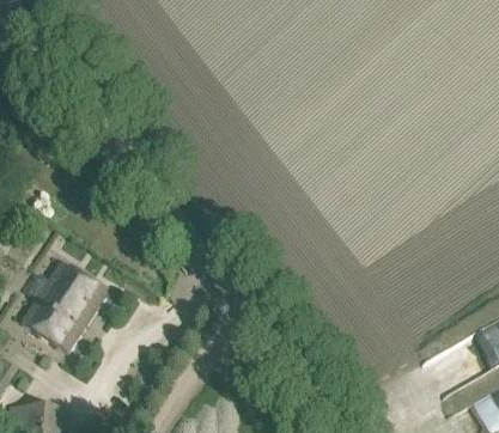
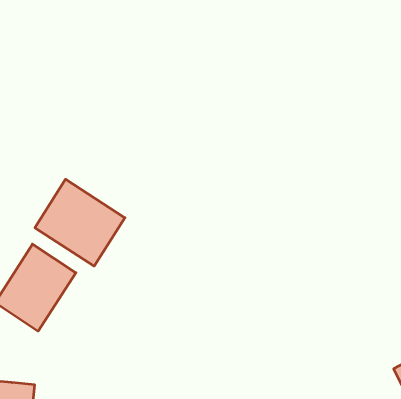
building: none -> [35,179,125,266]

